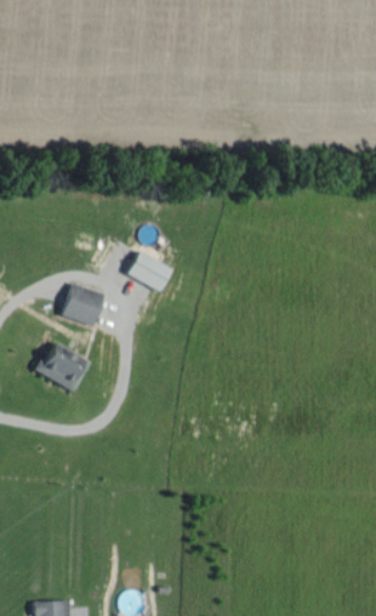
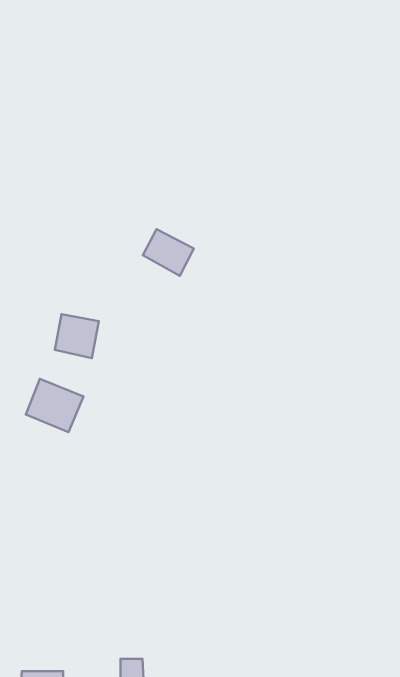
building: [126,251,171,292] -> [143,229,194,276]

